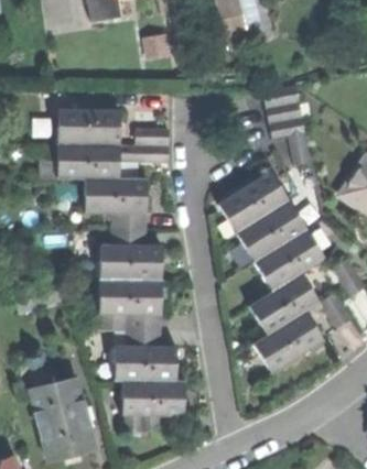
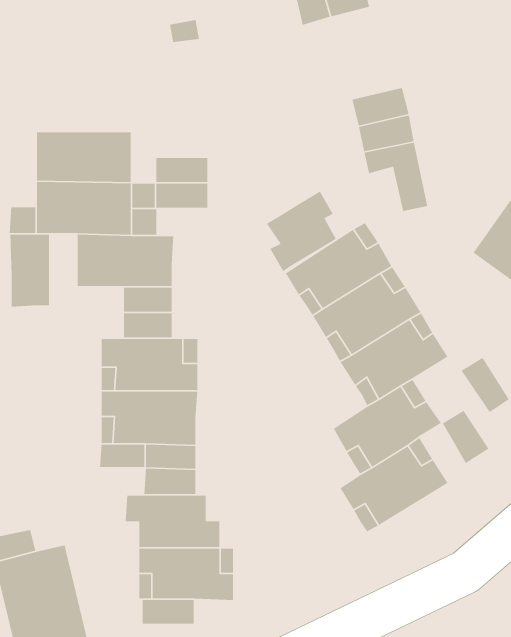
building: none -> [266,191,337,272]
building: none -> [10,234,50,307]

